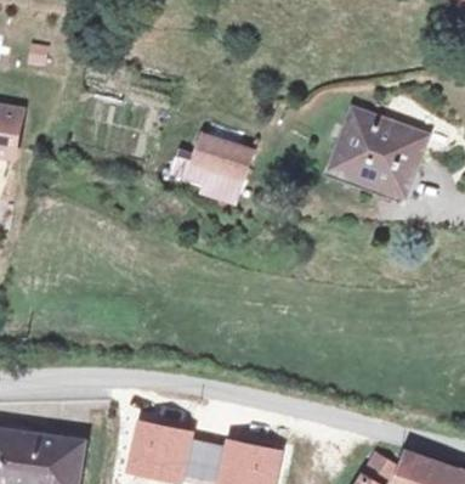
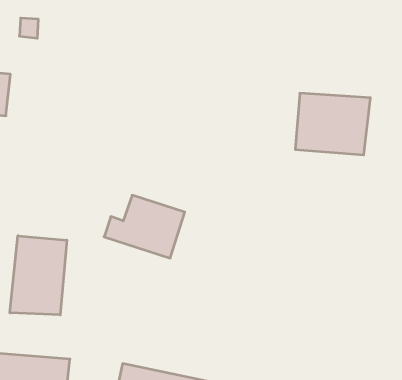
building: [171,133,259,201] -> [104,195,185,258]
building: none -> [10,236,67,315]

